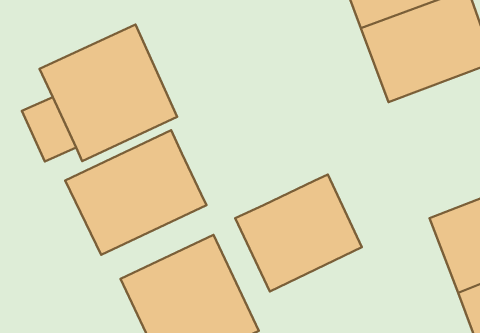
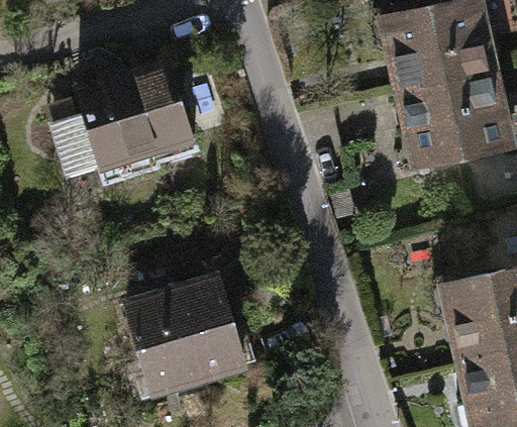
building: [65,130,207,255] -> none
building: [235,174,362,291] -> none

